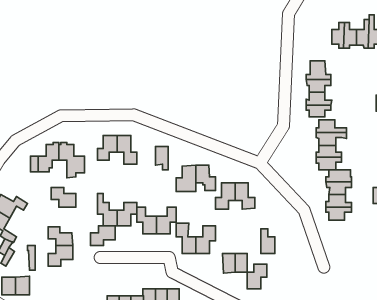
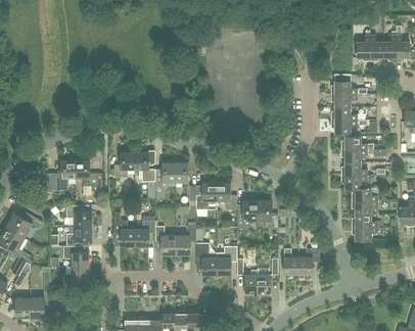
building: none -> [155,162,175,200]
building: [91,226,115,246] -> [66,226,92,246]
building: [247,264,267,289] -> [298,248,319,274]

